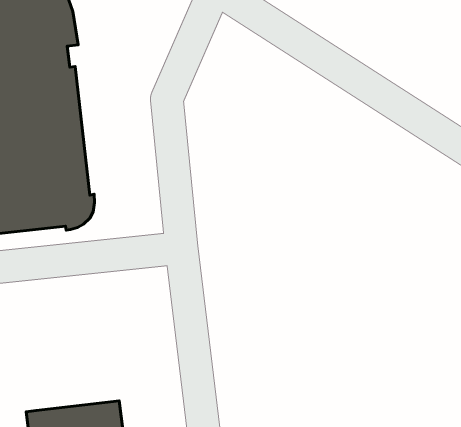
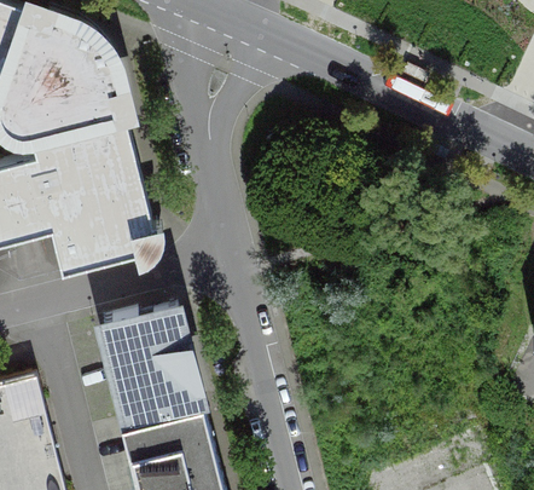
building: none -> [104,309,203,423]

